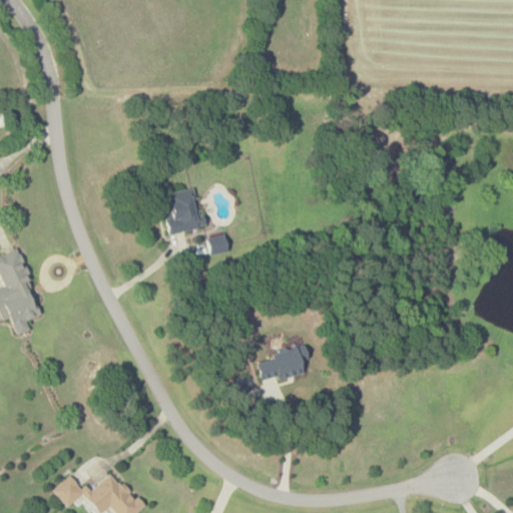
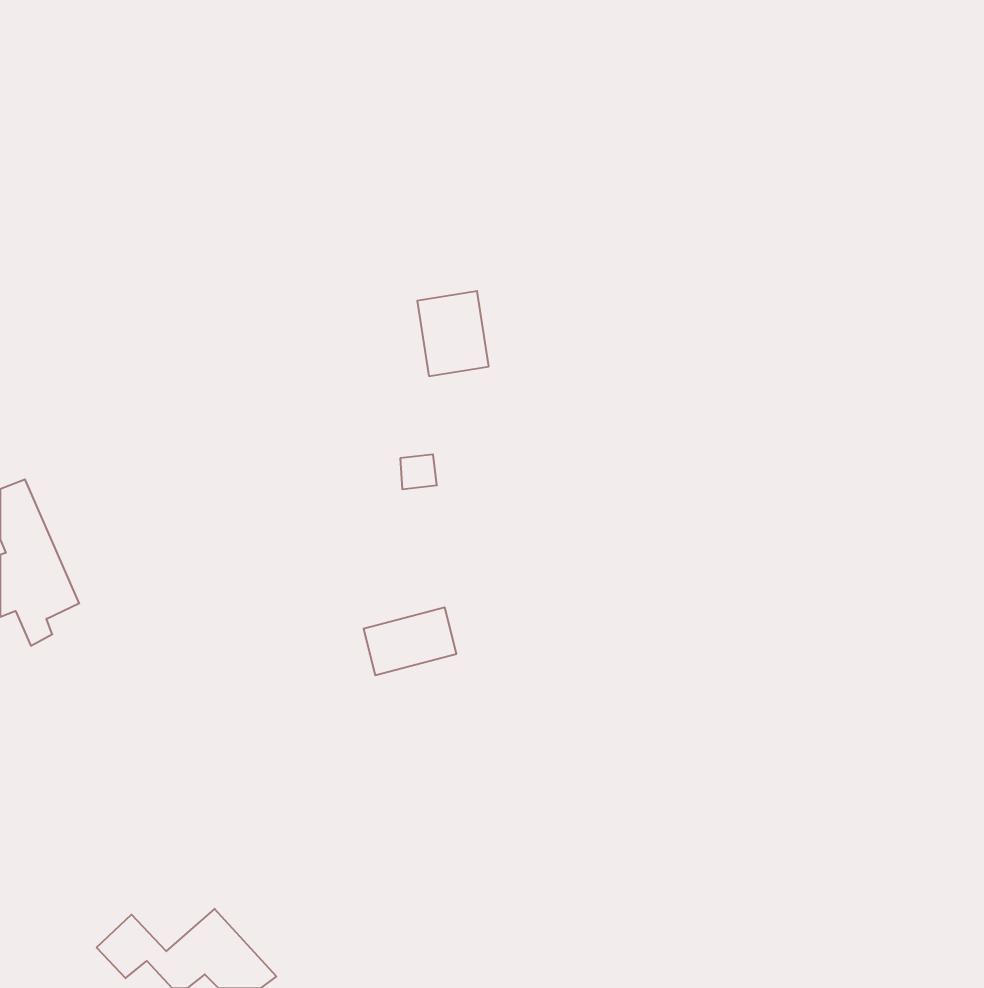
building: [163,189,200,233] -> [417,291,489,376]
building: [258,348,306,383] -> [364,607,456,675]

